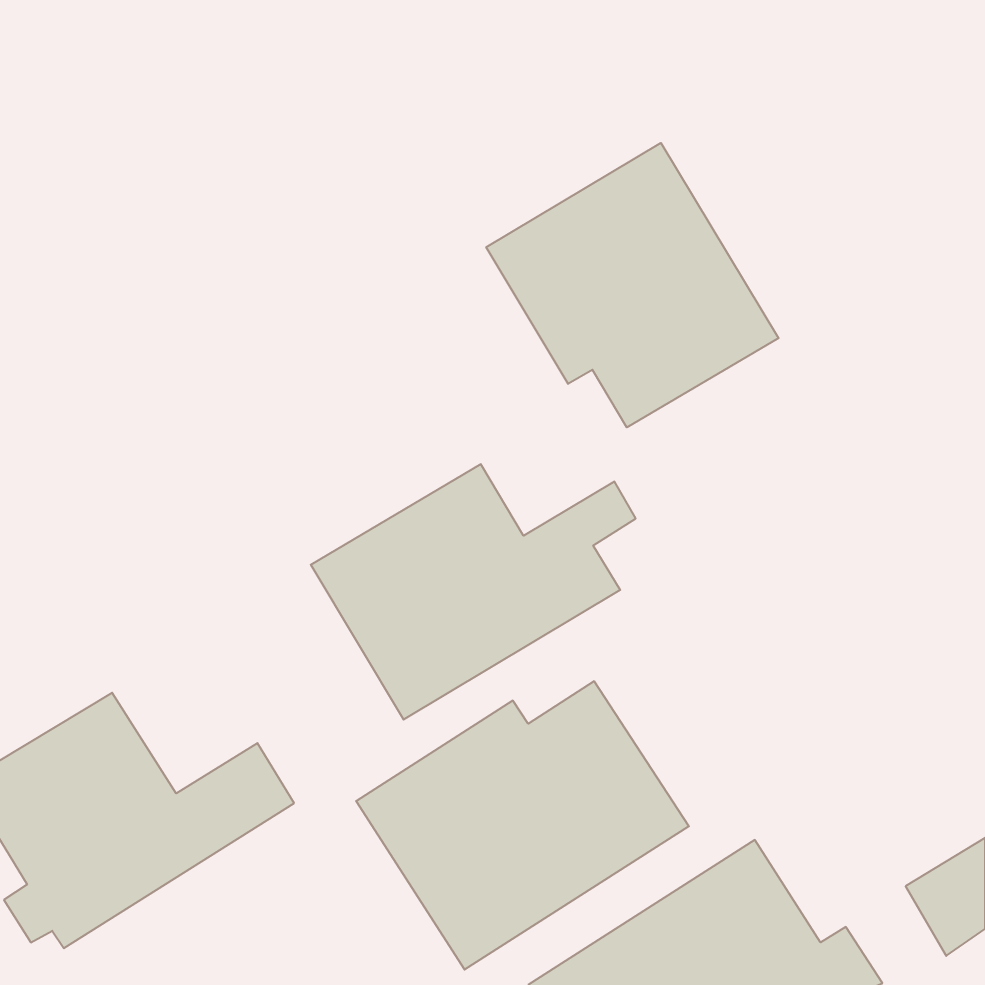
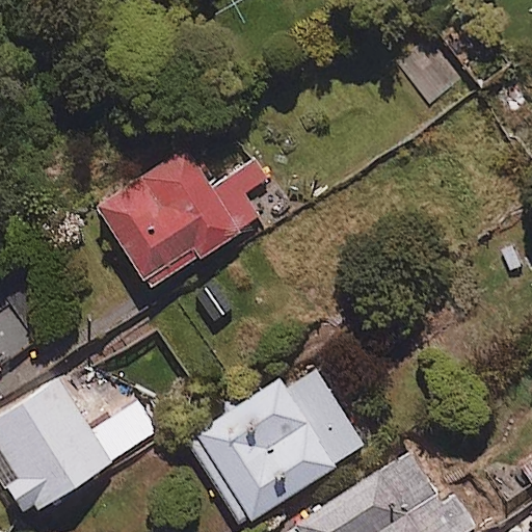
building: [486,143,779,427] -> none
building: [311,464,636,720] -> [95,152,269,289]

